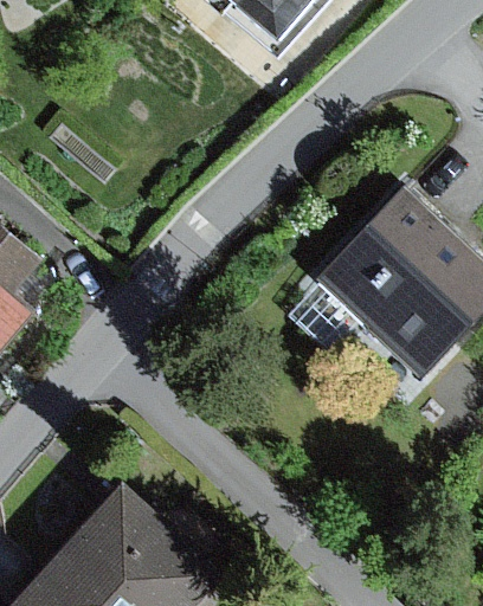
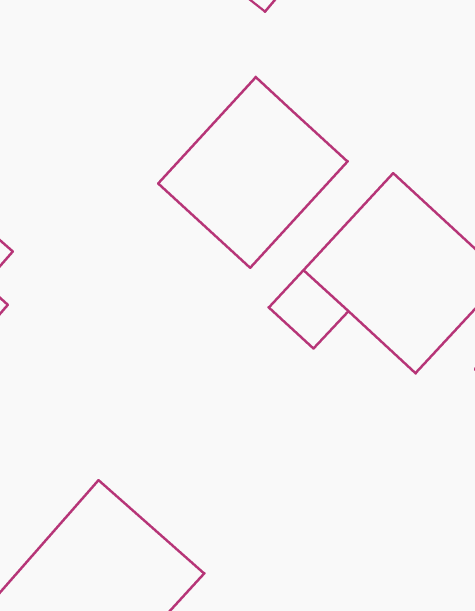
building: none -> [158,77,348,268]

